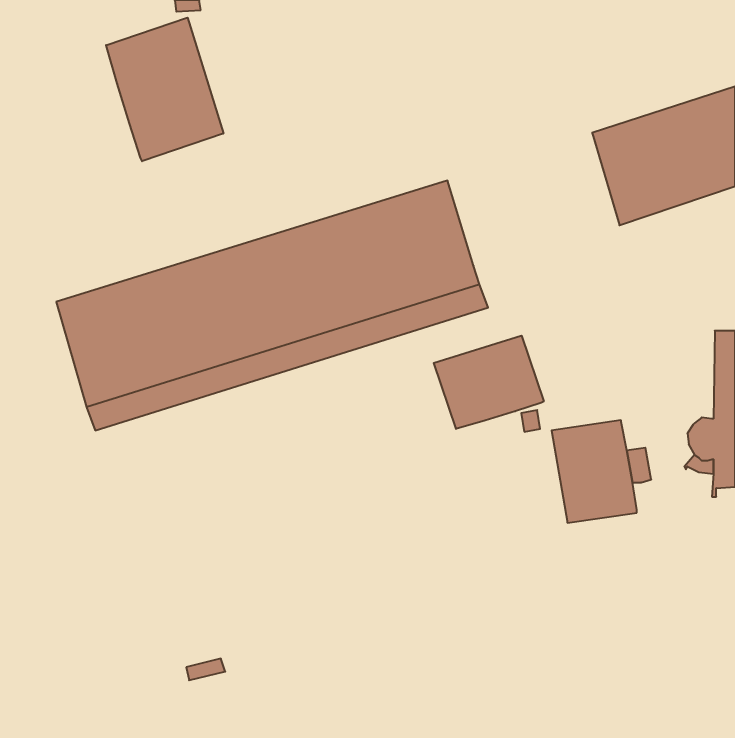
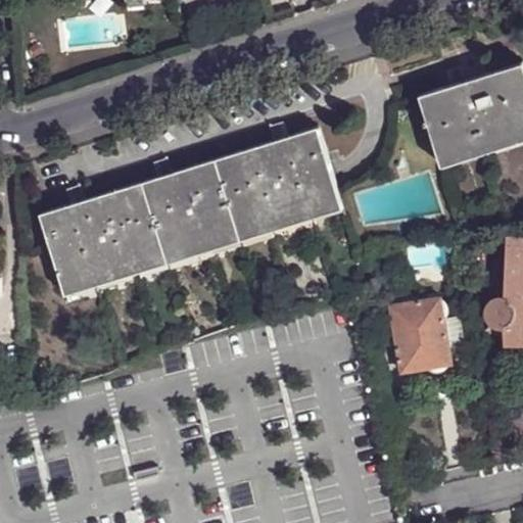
building: [106,18,223,161] -> none
building: [434,336,544,429] -> none

